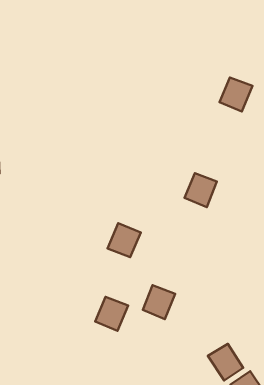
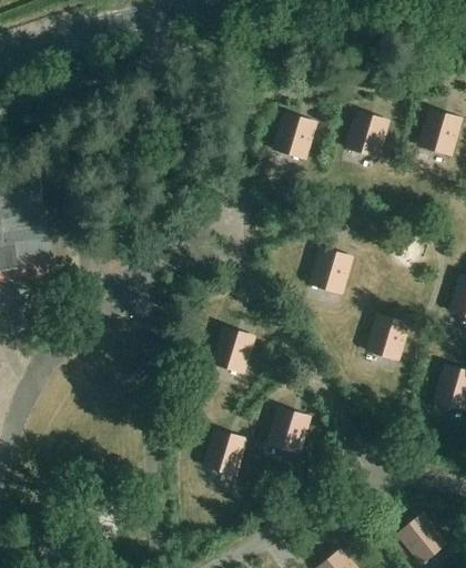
building: none -> [273,112,316,158]
building: none -> [366,314,408,359]
building: [208,344,243,381] -> none

